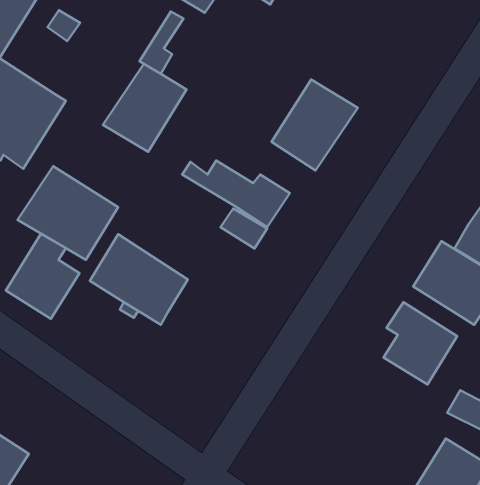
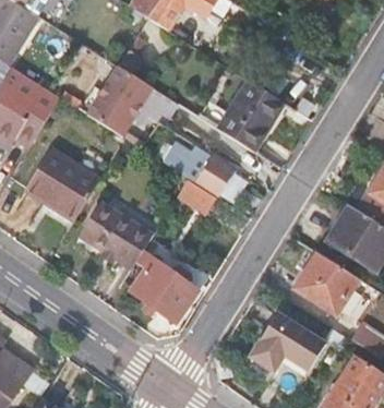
building: [6,234,80,319] -> none
building: none -> [132,251,195,321]
building: none -> [249,312,326,371]

